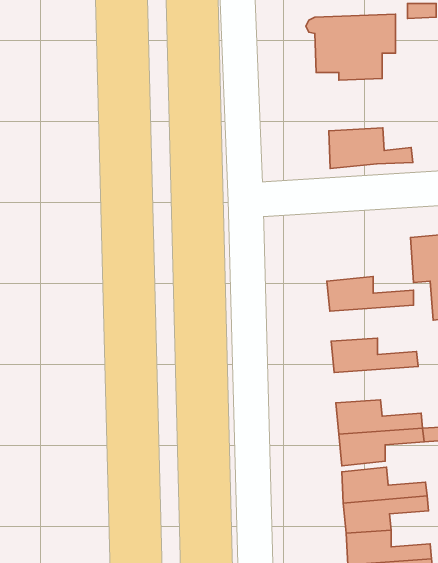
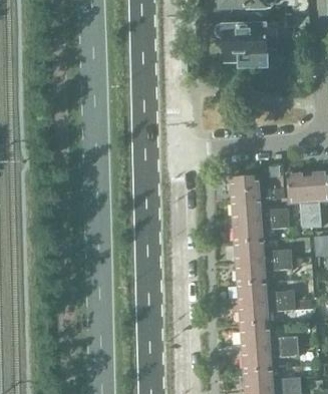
building: [329,128,413,168] -> [230,174,286,202]
building: none -> [233,218,290,242]
building: none -> [236,259,293,283]

